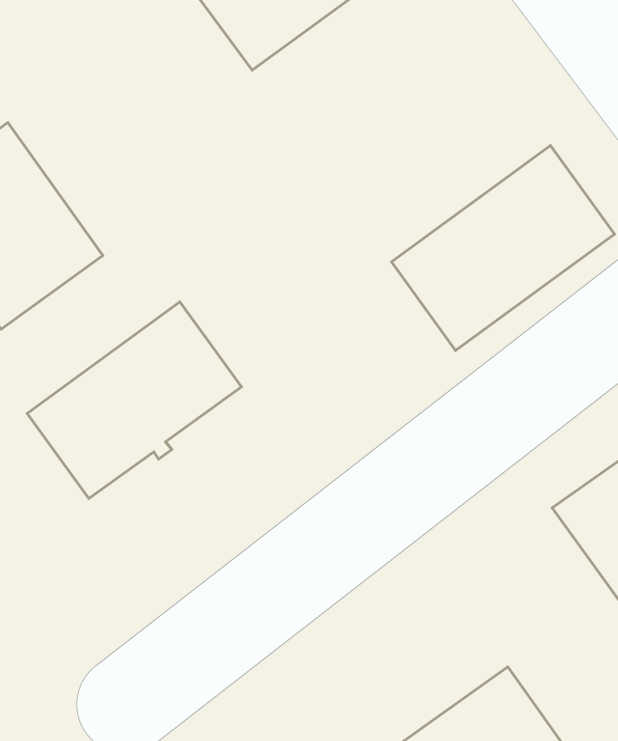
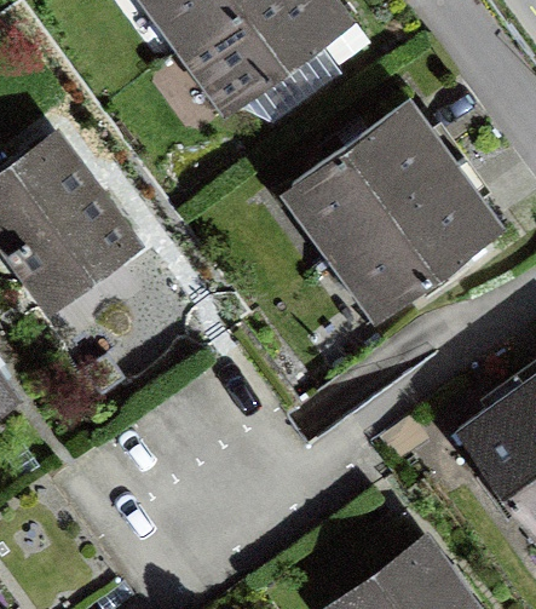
building: none -> [292,99,455,249]
building: [27,302,241,498] -> none

